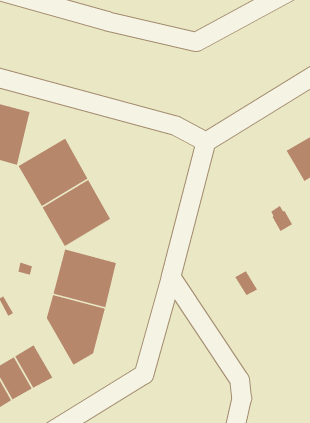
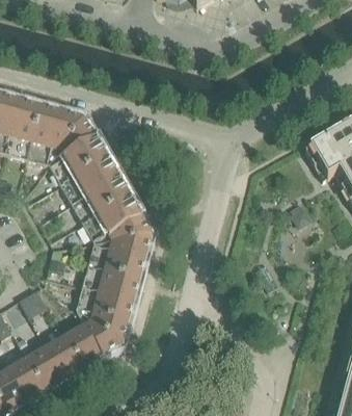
building: none -> [50,109,96,161]
building: none -> [94,212,151,254]
building: none -> [65,321,103,364]

